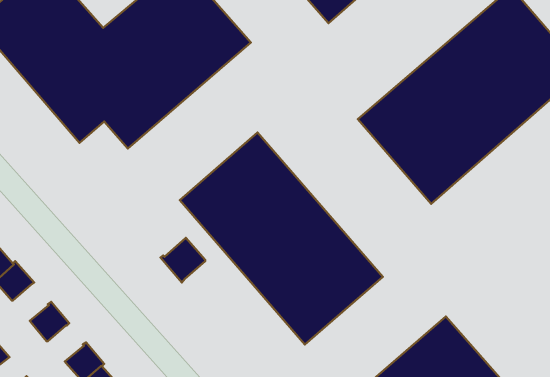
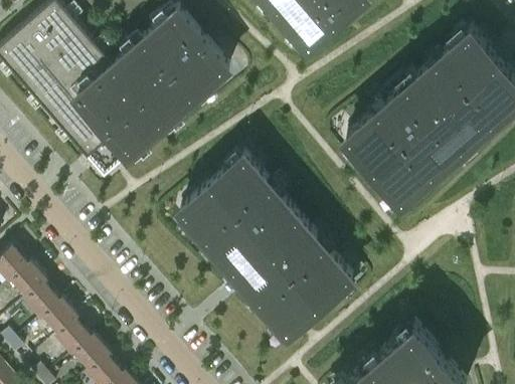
building: [160,238,205,282] -> none
building: none -> [25,290,60,325]
building: none -> [56,326,92,361]

